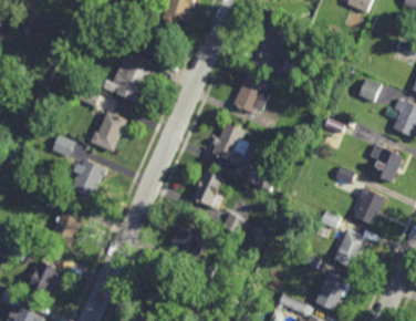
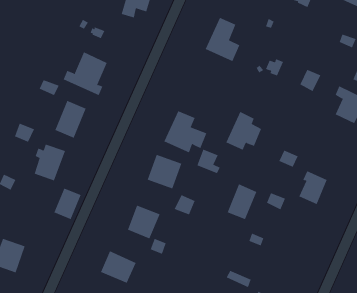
building: [231,72,270,114] -> [225,111,262,151]
building: [370,143,404,184] -> none
building: [52,211,82,246] -> [53,188,81,220]
building: [334,230,366,269] -> [227,183,257,220]
building: [315,275,351,311] -> none

